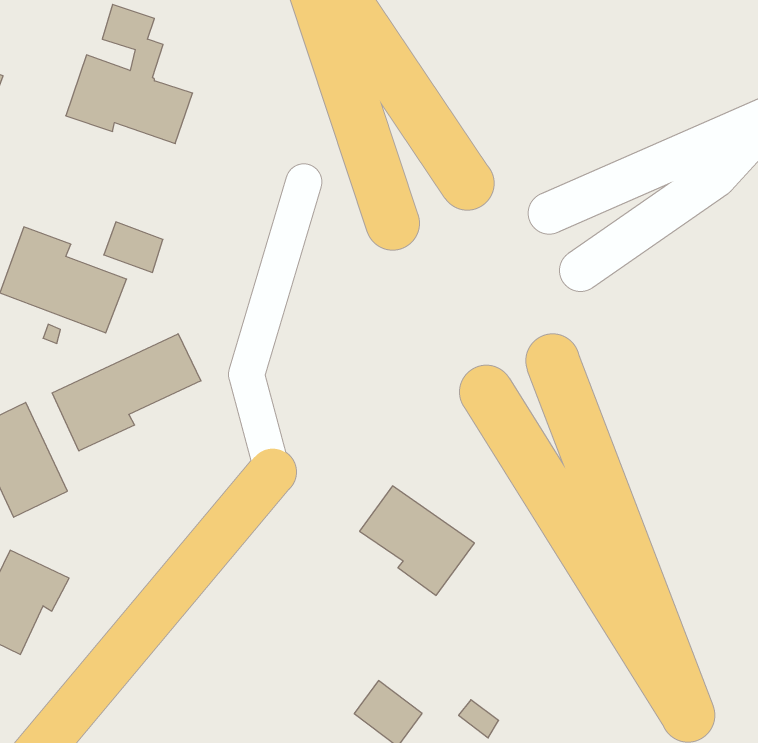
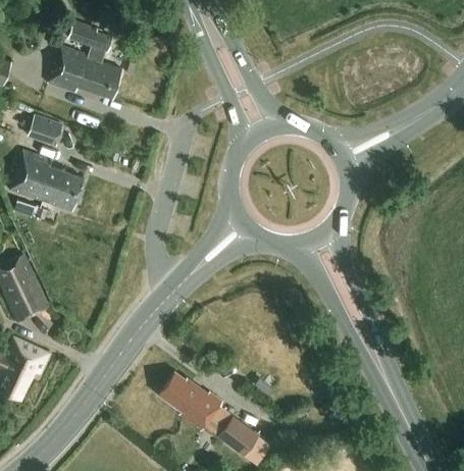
building: [104,222,163,272] -> [28,113,62,143]
building: [52,334,201,451] -> none
building: [360,486,474,595] -> [155,367,222,431]

